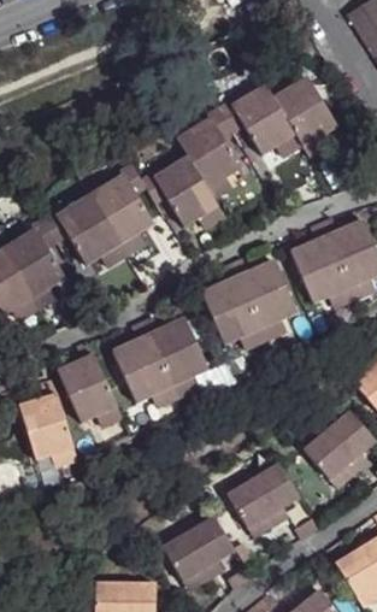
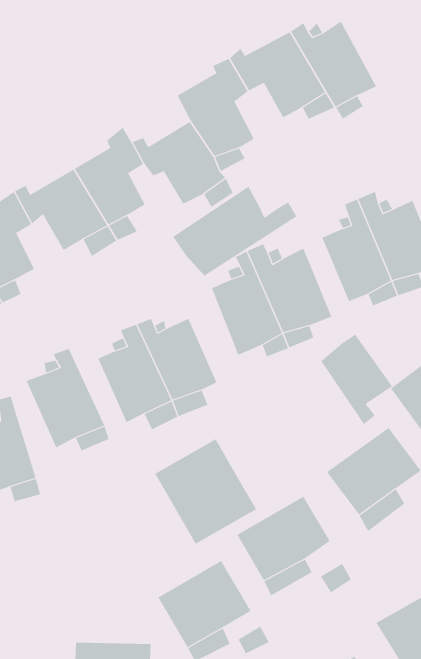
building: none -> [173,186,297,277]
building: none -> [320,334,393,425]
building: none -> [155,439,257,545]

